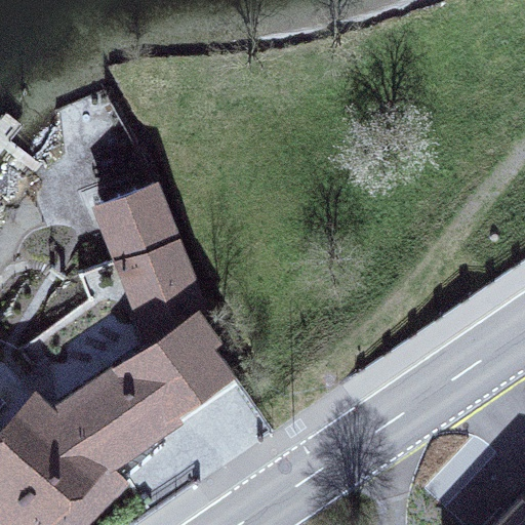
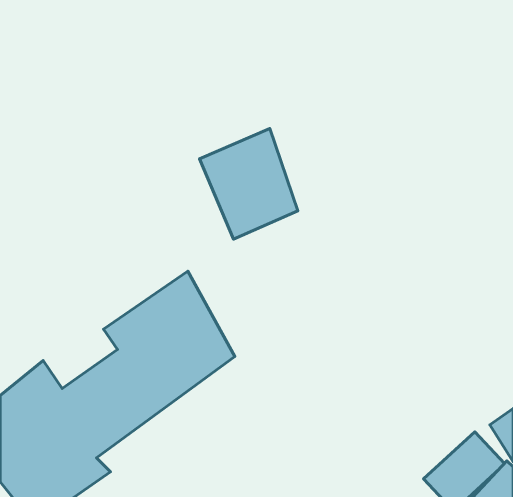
building: [86,179,187,292] -> [199,129,298,239]

